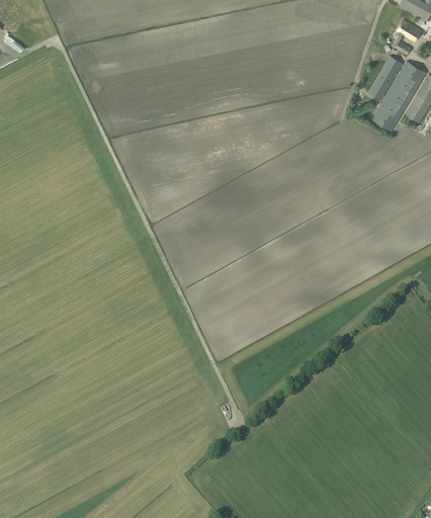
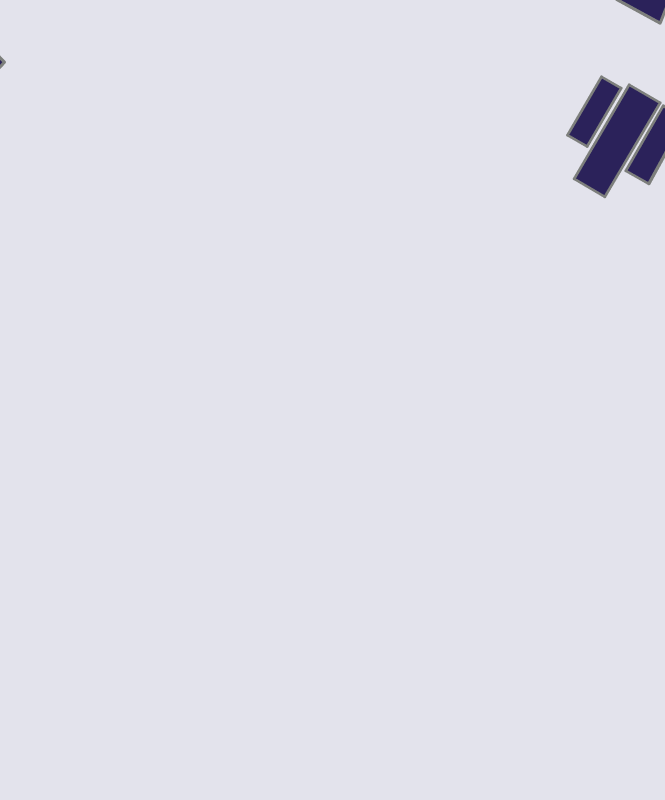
building: [393,19,421,55] -> none

